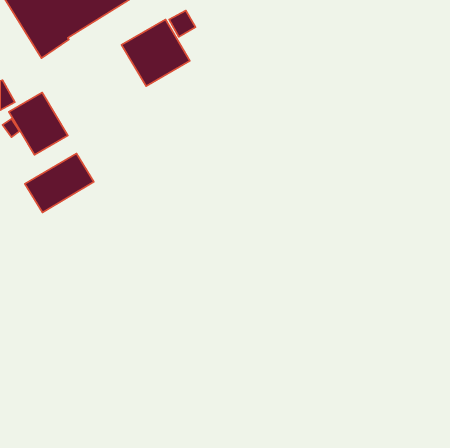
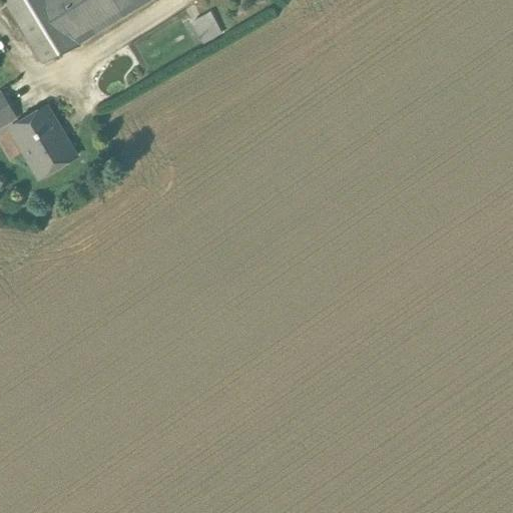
building: [122,19,190,86] -> none
building: [25,153,94,212] -> none

